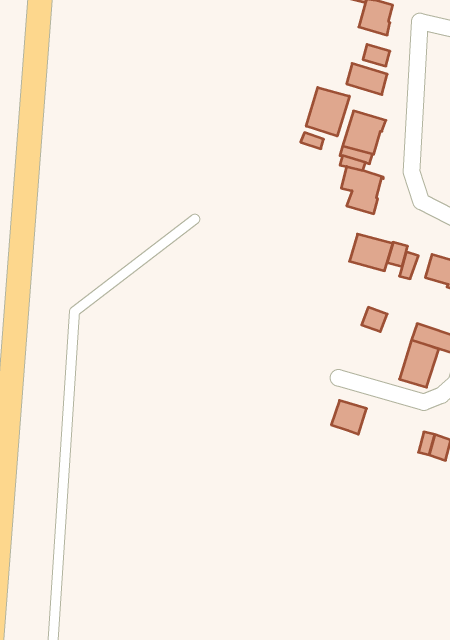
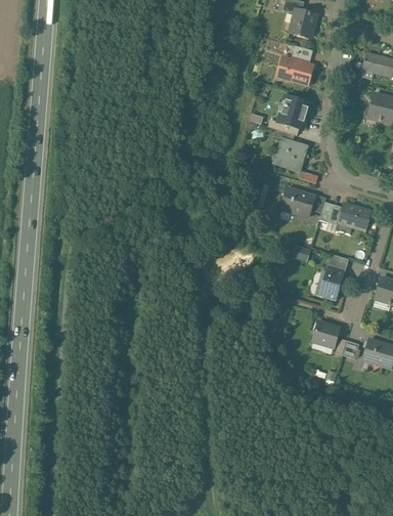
building: [306,87,349,136] -> none
building: [331,400,367,434] -> [312,320,339,346]

